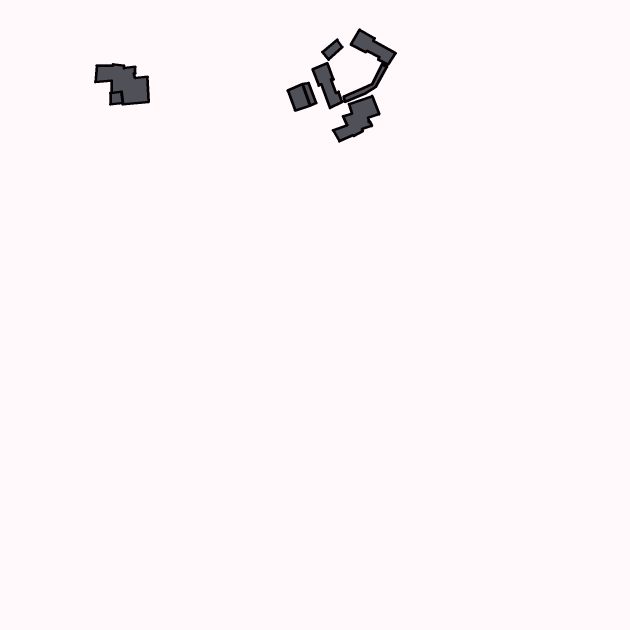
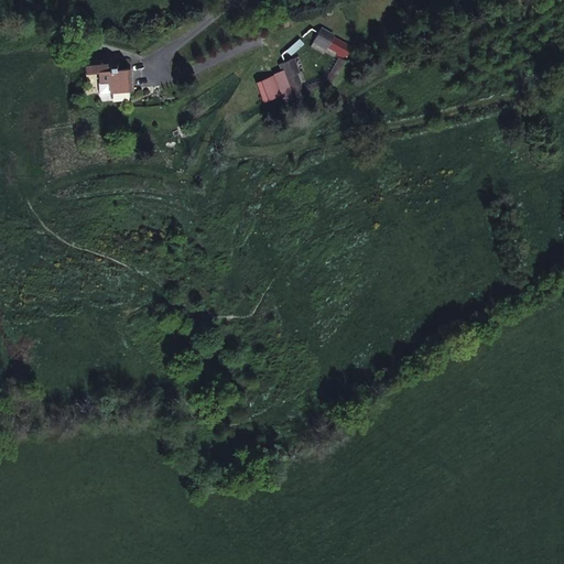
building: [333,96,379,141] -> none

